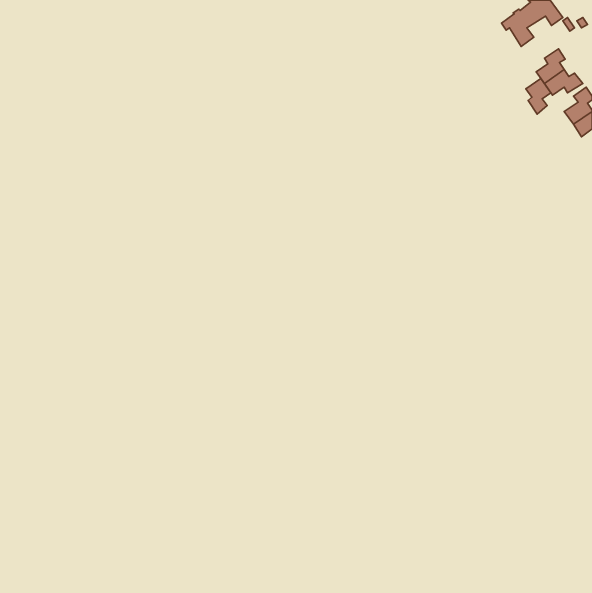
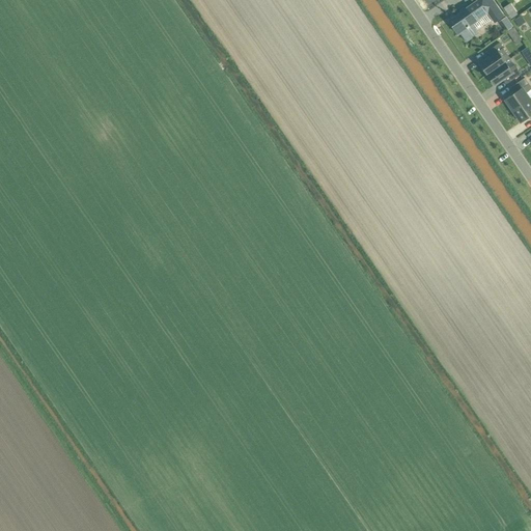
building: [526,78,551,114] -> none

